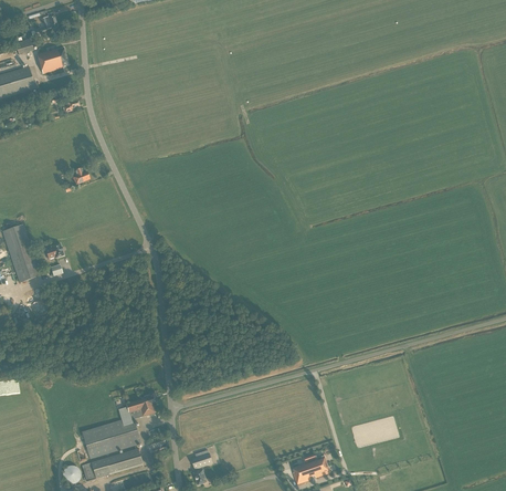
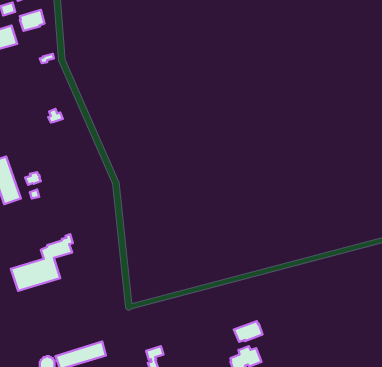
building: [81,389,156,458] -> [11,234,73,291]
building: none -> [234,321,262,342]

